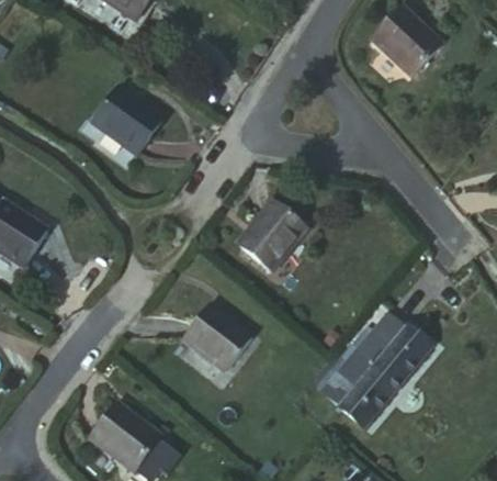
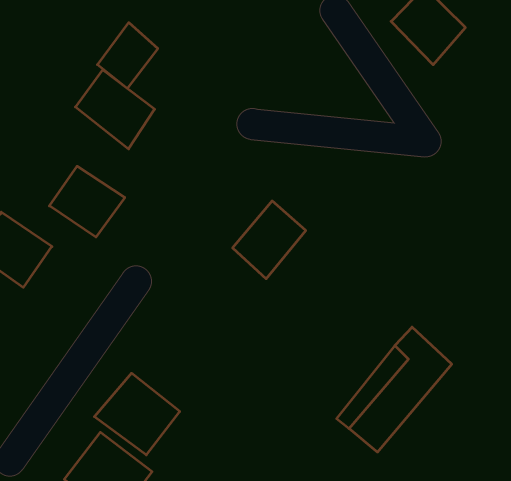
building: none -> [97,23,158,88]
building: none -> [49,166,125,237]
building: [172,303,248,376] -> [94,373,180,455]

